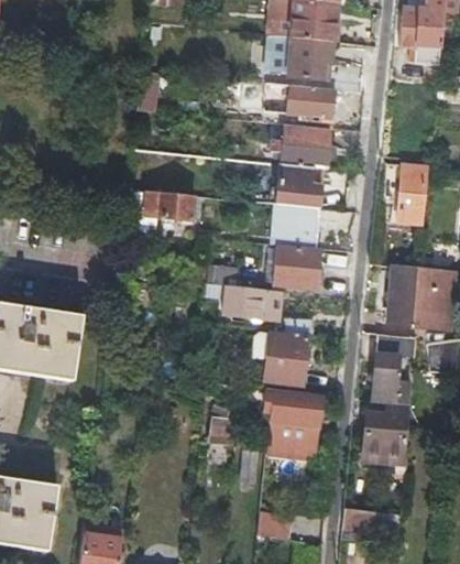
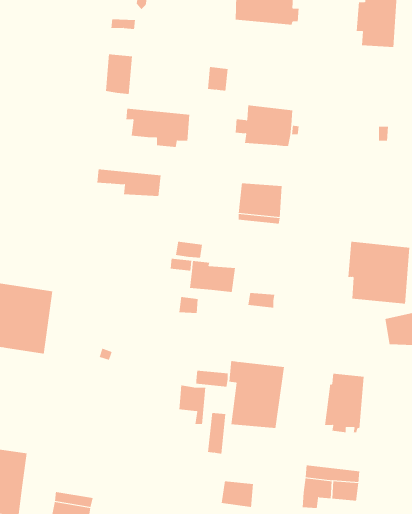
building: [264,35,330,82] -> none
building: [267,83,335,123] -> [125,108,190,148]
building: [277,164,324,208] -> none
building: [395,166,423,225] -> none
building: [275,247,319,286] -> none
building: [253,334,309,384] -> none
building: [371,334,416,405] -> none

